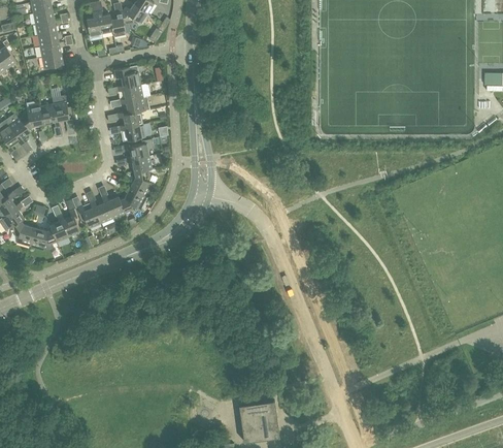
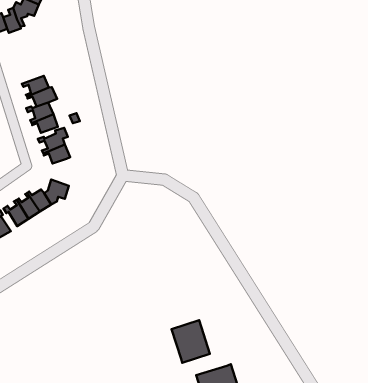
building: [113,65,139,88] -> none
building: [129,169,153,196] -> none
building: none -> [171,320,210,363]

